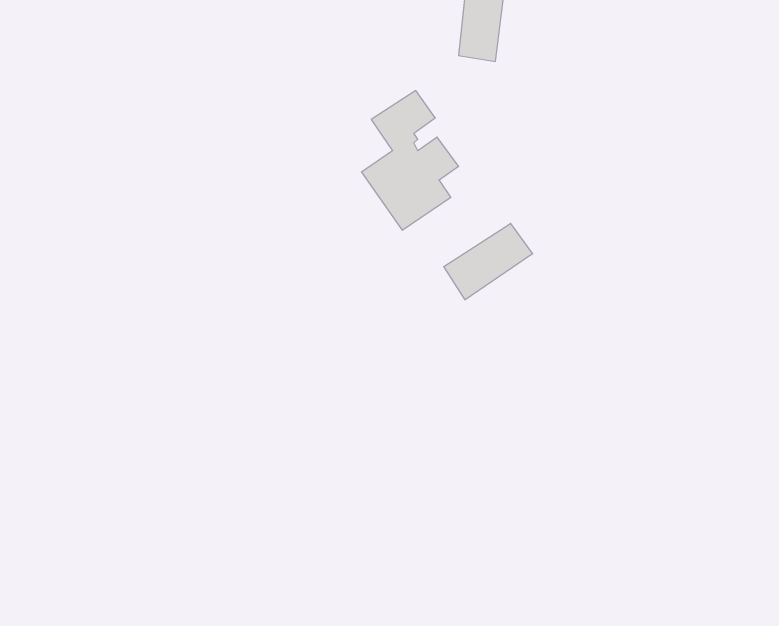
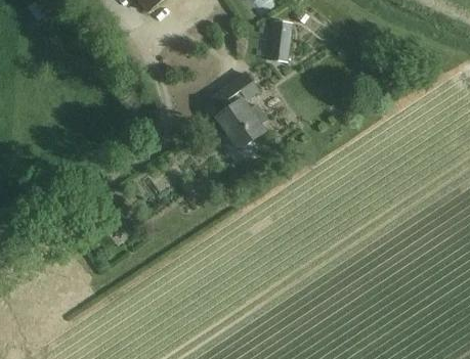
building: [444,223,533,300] -> none

